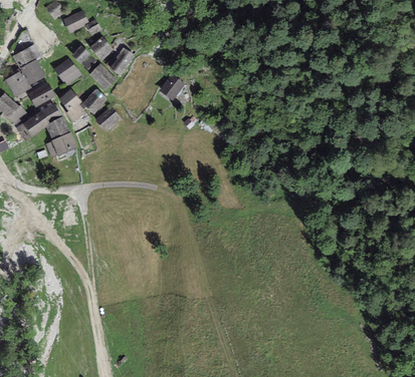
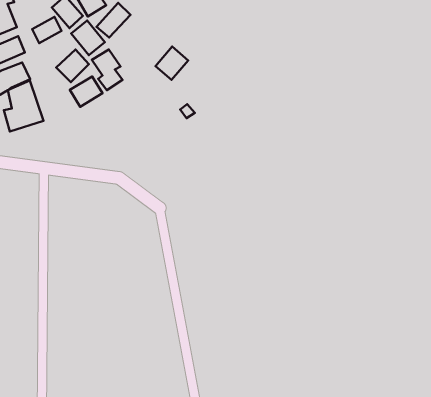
building: [58,89,84,121] -> [92,49,122,90]

